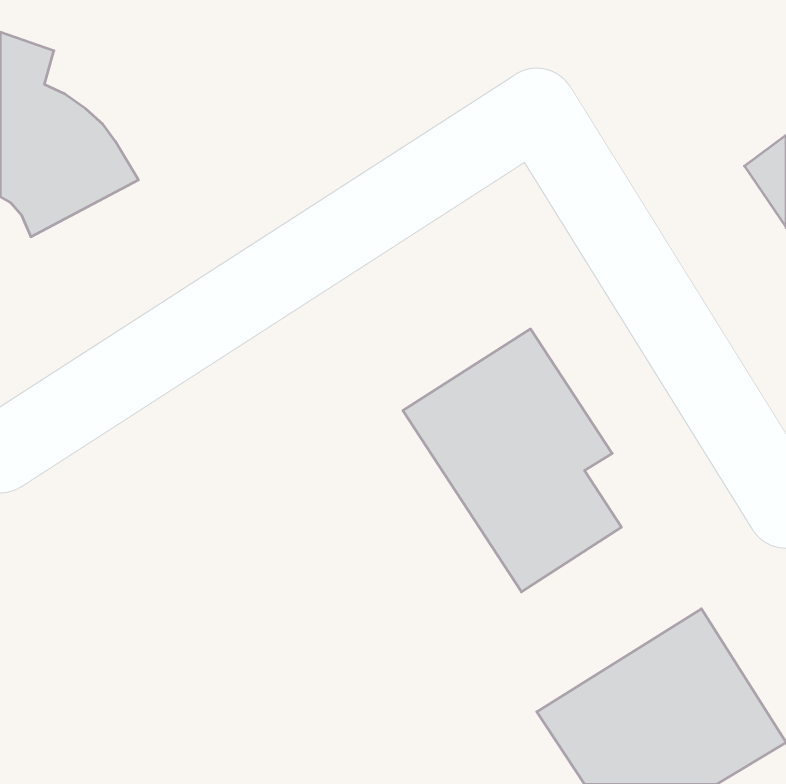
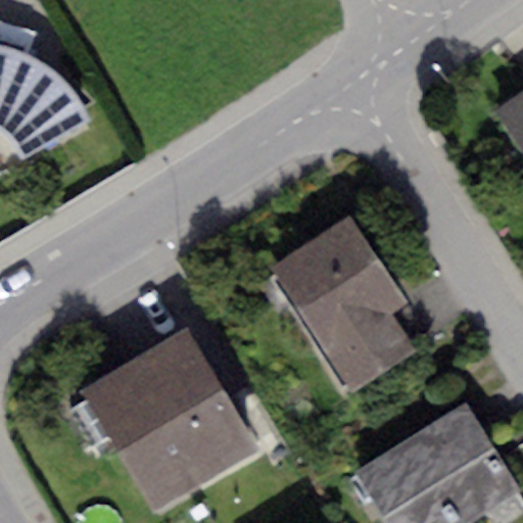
building: none -> [84,331,258,510]

